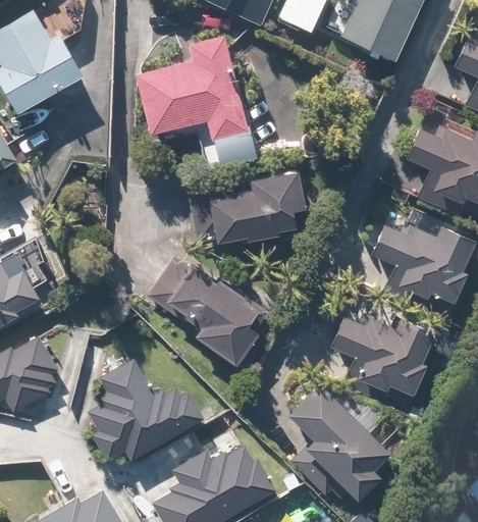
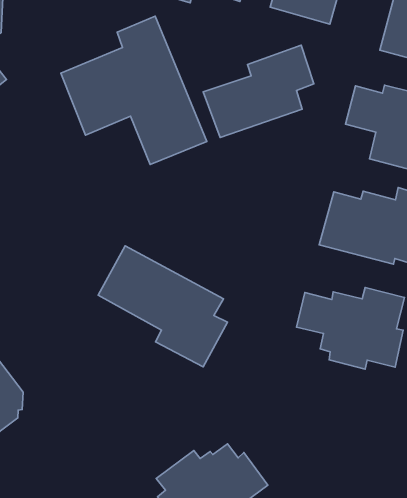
building: [203,173,308,250] -> [203,45,314,137]
building: [91,361,203,462] -> none
building: [280,381,387,503] -> none

